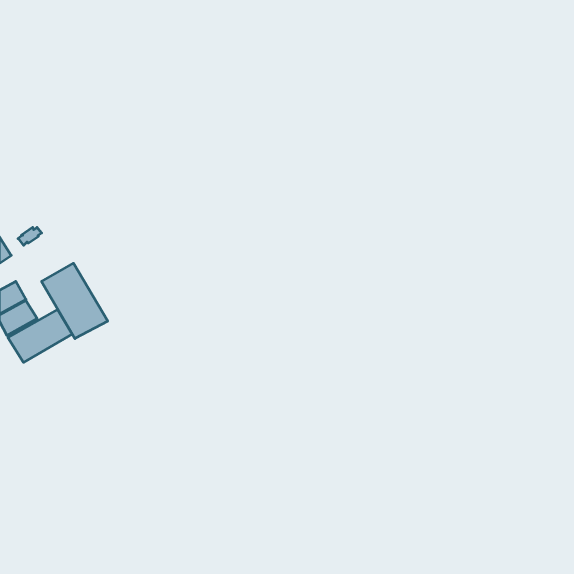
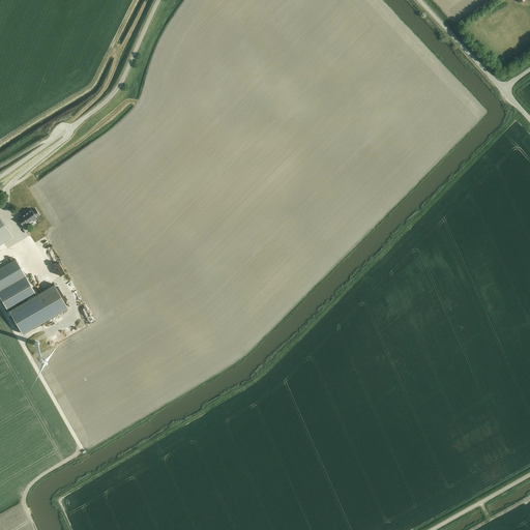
building: [42,263,108,339] -> none

